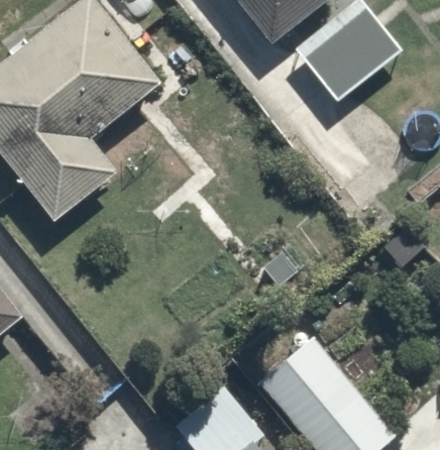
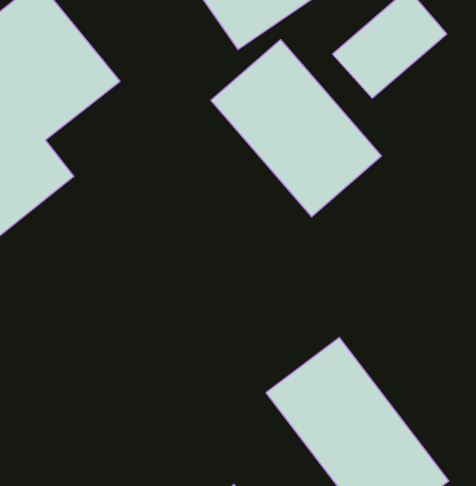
building: none -> [211,40,381,217]

